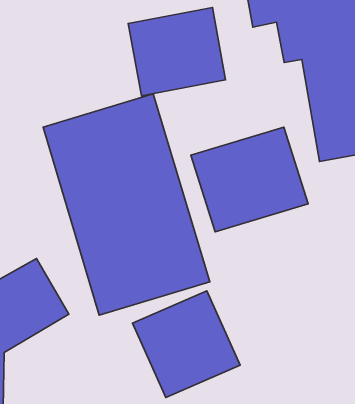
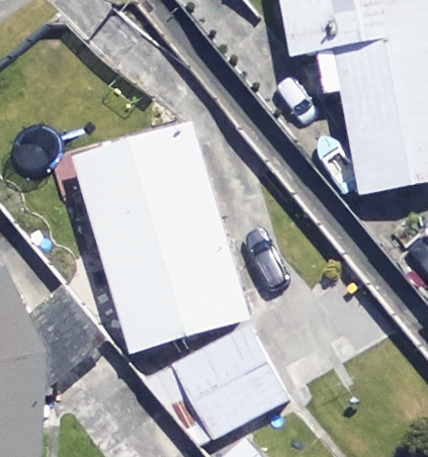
building: [128,7,226,96] -> none
building: [191,127,308,232] -> none

